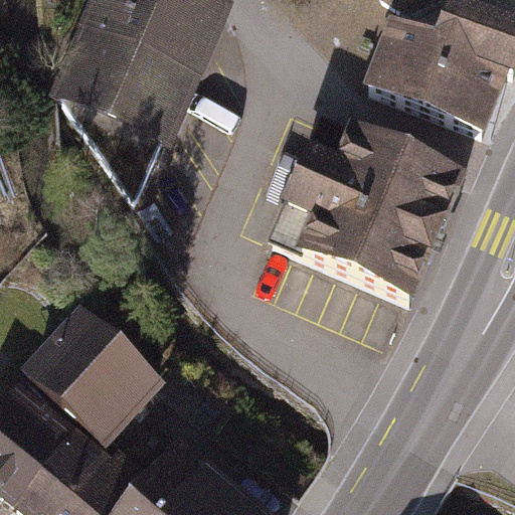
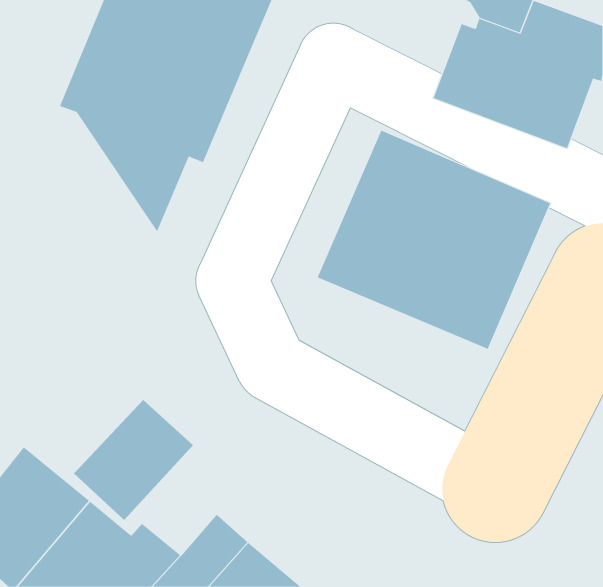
building: [23,304,122,403] -> none

